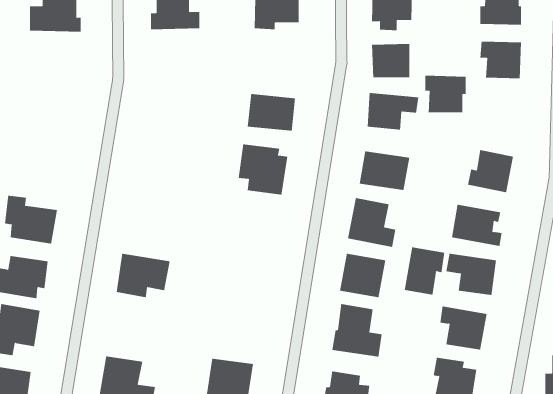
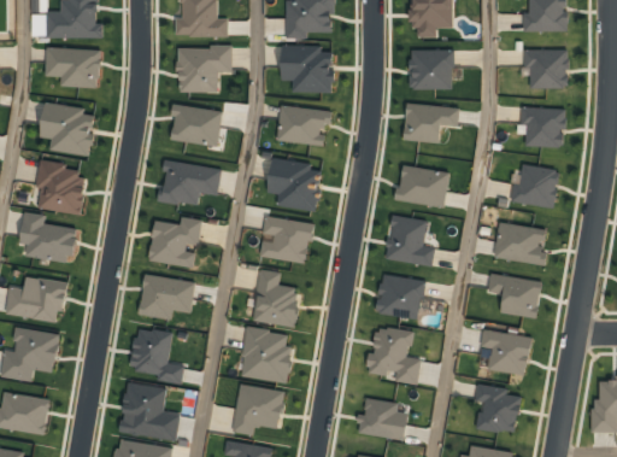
building: none -> [281,45,333,94]
building: none -> [177,47,233,93]
building: none -> [46,48,100,88]
building: [424,75,467,113] -> [521,107,565,147]
building: none -> [40,102,94,157]
building: none -> [170,105,222,146]
building: none -> [36,160,86,215]
building: none -> [159,162,221,206]
building: none -> [148,217,202,268]
building: none -> [259,217,315,263]
building: [404,246,445,296] -> none
building: none -> [252,270,299,328]
building: none -> [130,327,184,385]
building: none -> [239,327,293,385]

